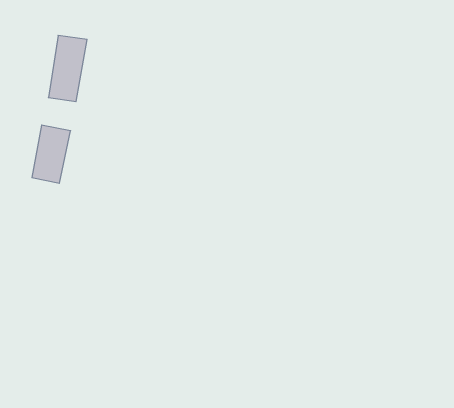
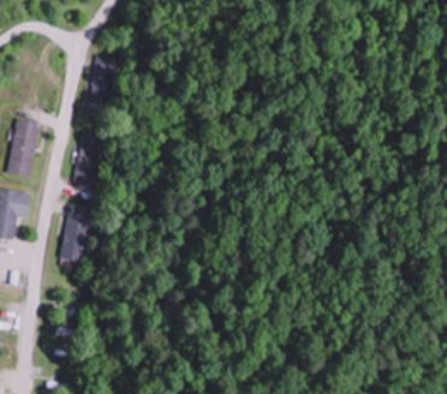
building: none -> [60,217,89,263]

